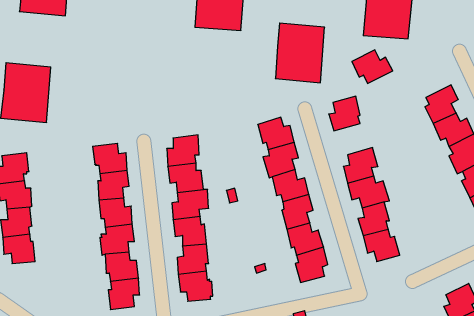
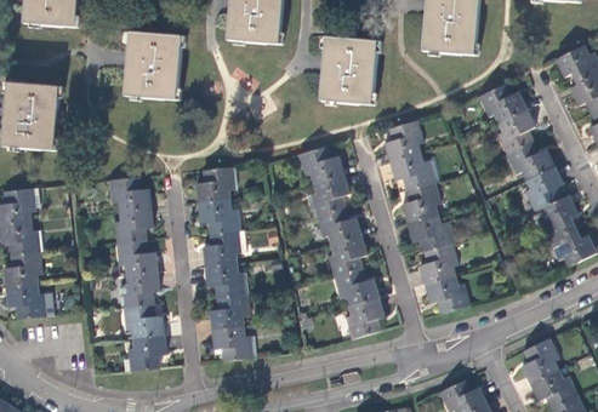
building: none -> [126,32,184,101]
building: [352,50,393,83] -> [479,84,526,122]
building: none -> [391,153,438,189]

